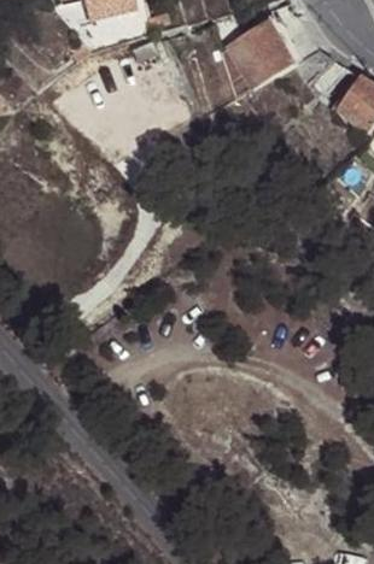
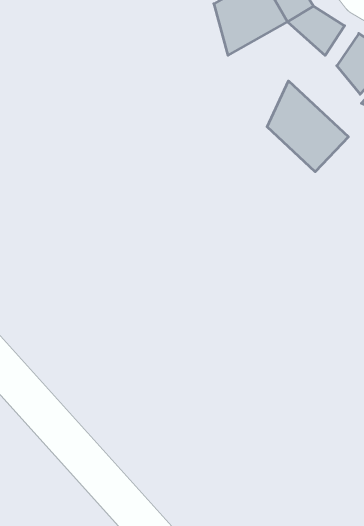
building: none -> [267,81,348,172]

